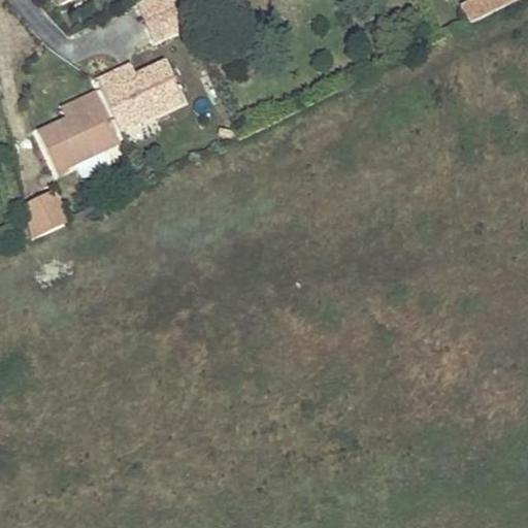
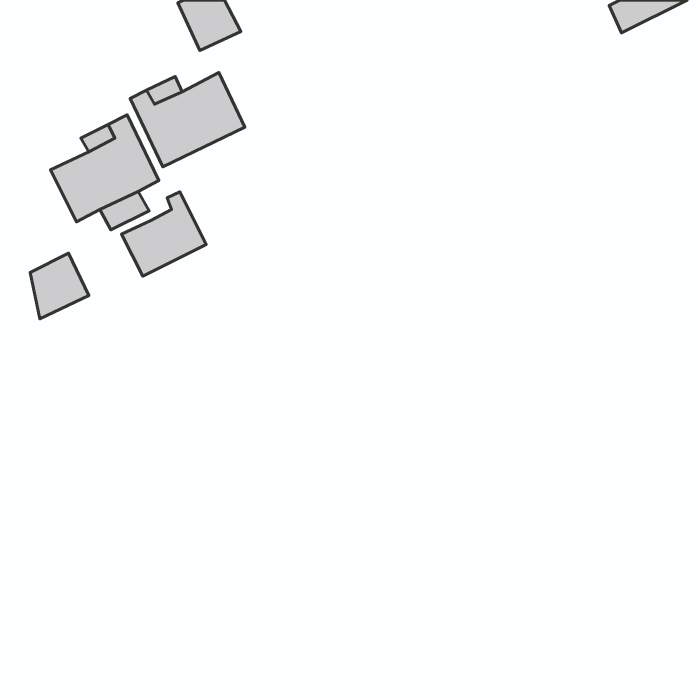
building: none -> [122,192,206,276]

